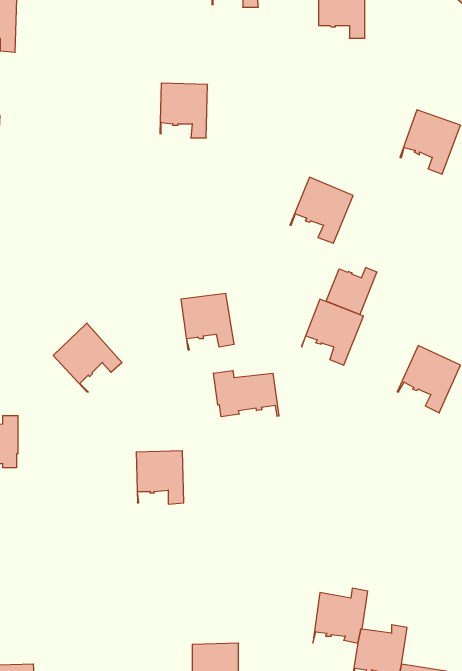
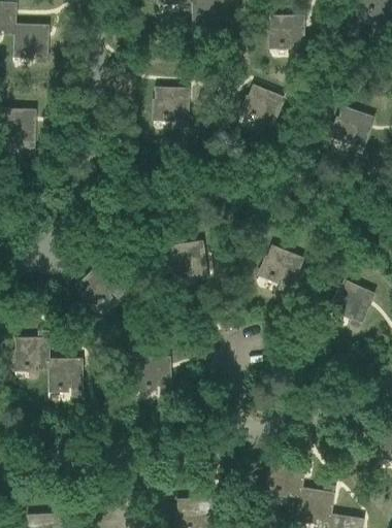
building: [290,177,353,243] -> [238,85,285,133]
building: [326,268,377,315] -> none
building: [213,370,279,417] -> none
building: none -> [48,359,83,397]

